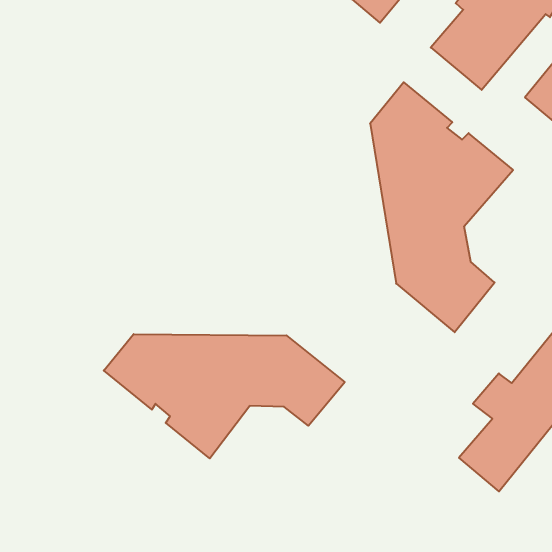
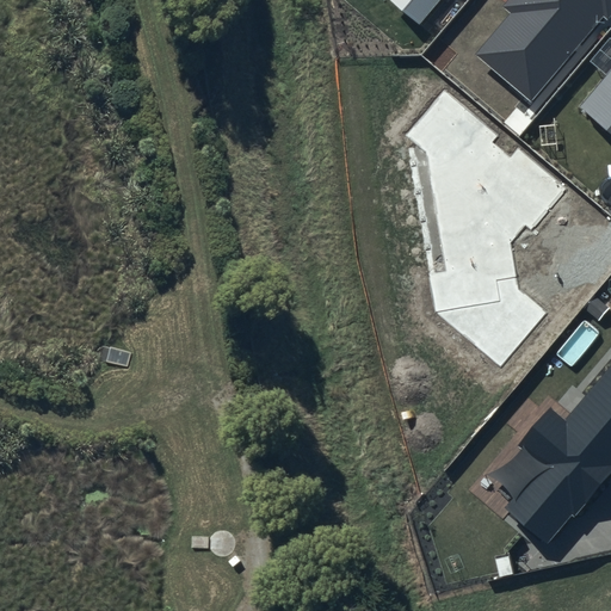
building: [104,334,345,458] -> none

